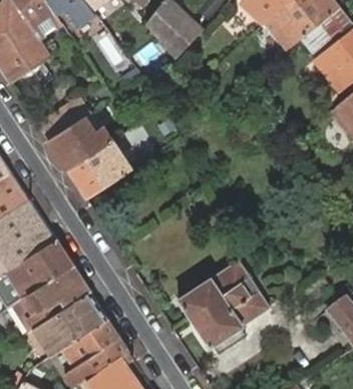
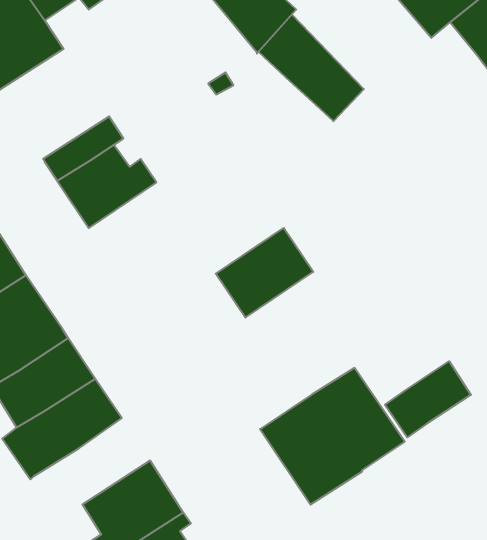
building: none -> [259,15,364,121]
building: [68,142,130,200] -> [216,228,313,318]
building: none -> [385,361,471,437]
building: [33,293,107,357] -> none

